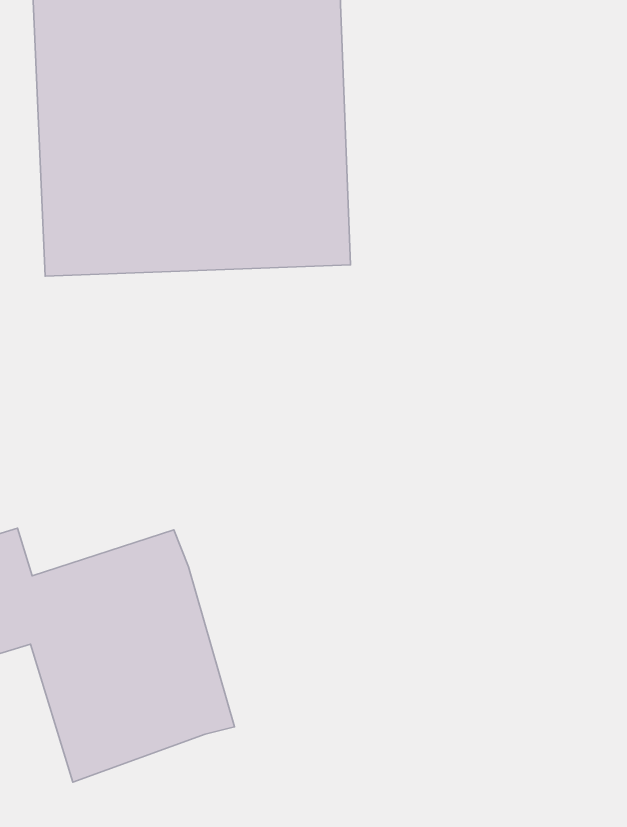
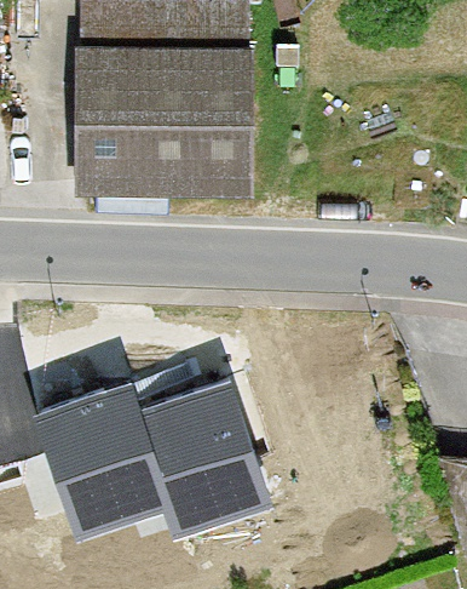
building: none -> [162,366,294,542]

